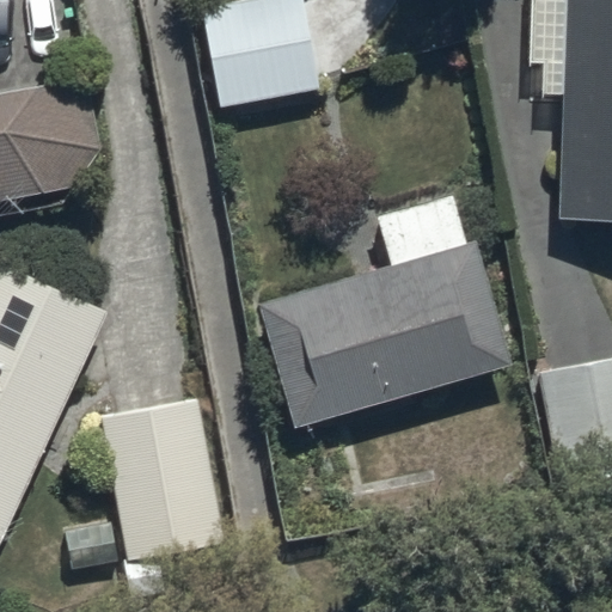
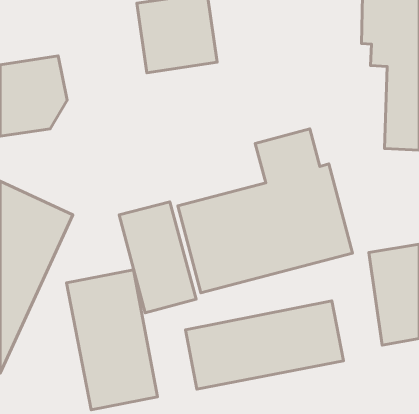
building: none -> [119,202,196,313]
building: none -> [186,301,343,389]

